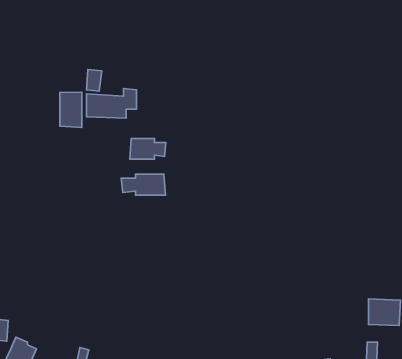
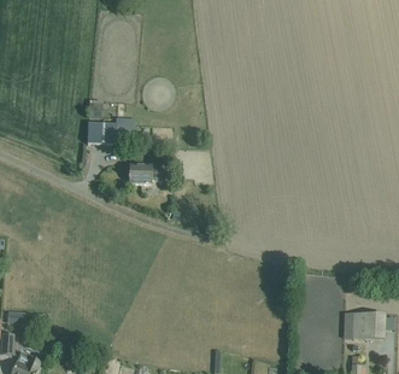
building: [60,92,82,127] -> none
building: [121,174,165,195] -> none

